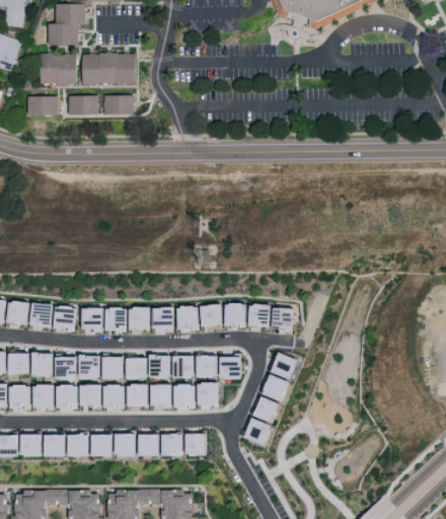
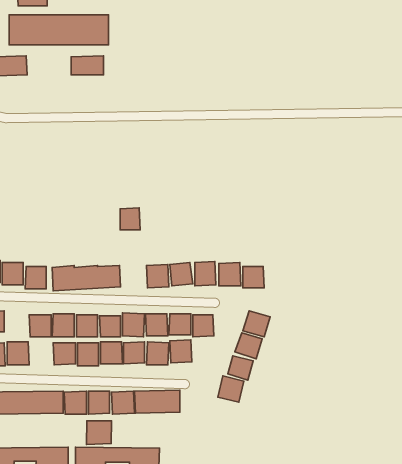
building: [65,96,95,115] -> none
building: [153,307,173,329] -> [120,208,140,230]
building: [34,353,57,376] -> none
building: [59,385,81,409] -> none
building: none -> [87,421,111,445]

